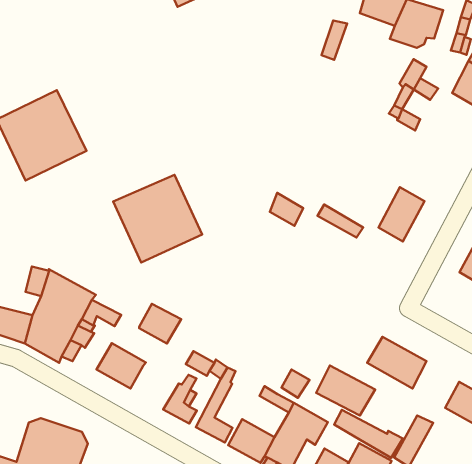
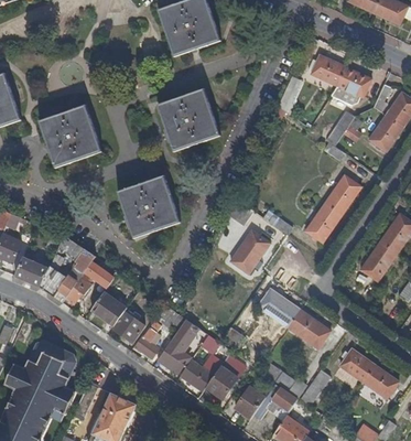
building: none -> [155,88,218,151]
building: none -> [324,173,360,214]
building: none -> [231,227,271,270]
building: [139,304,181,344] -> [113,311,144,341]
building: [316,365,375,415] -> [257,288,300,326]

